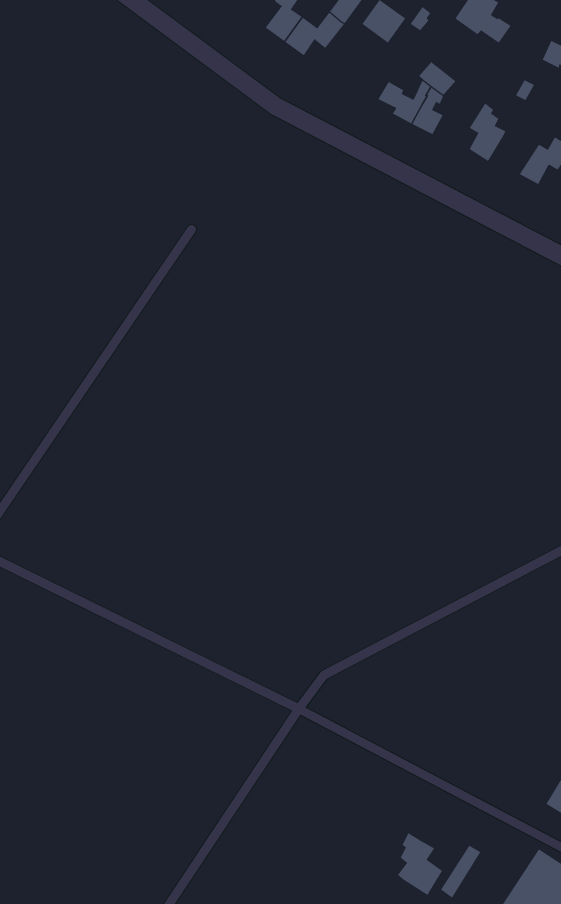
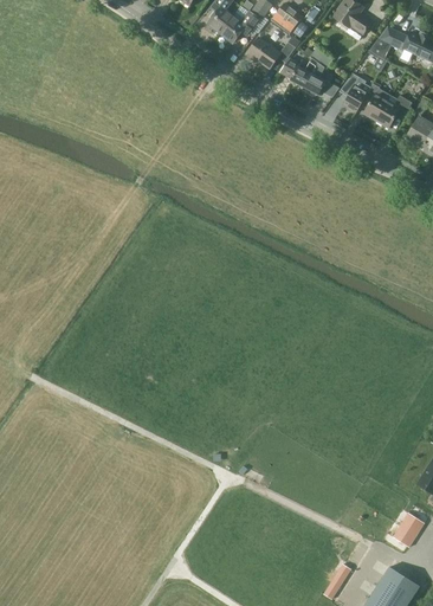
building: none -> [247,38,295,69]
building: none -> [363,83,390,120]
building: [397,832,443,896] -> none

